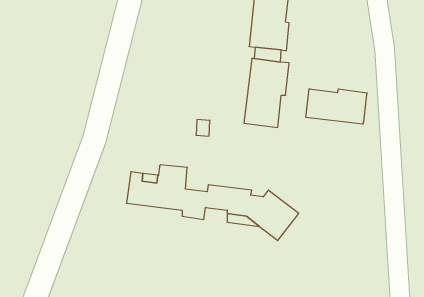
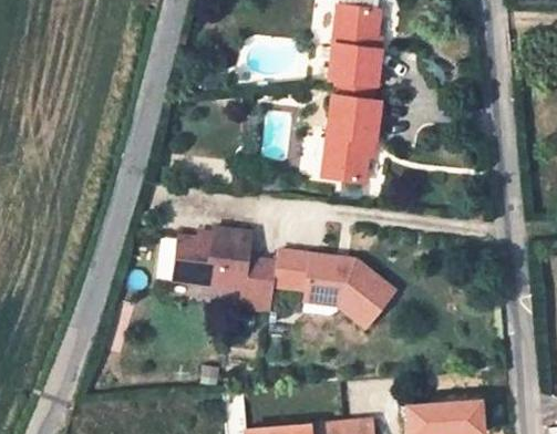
building: [306,89,367,124] -> none

